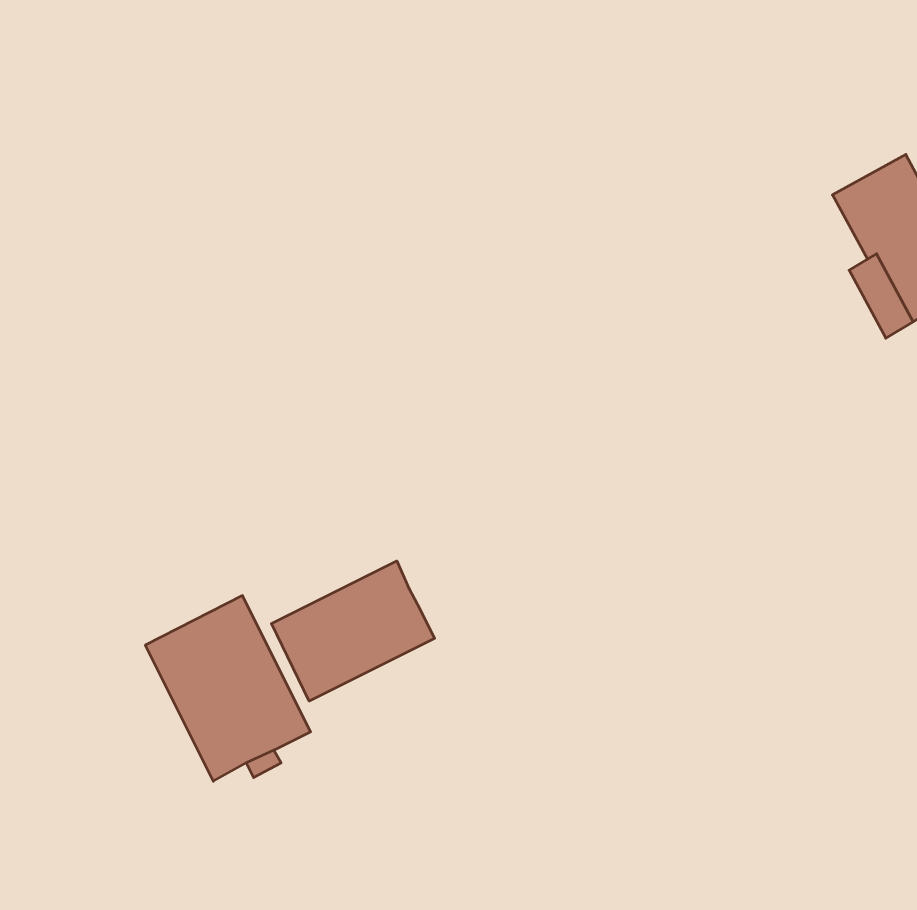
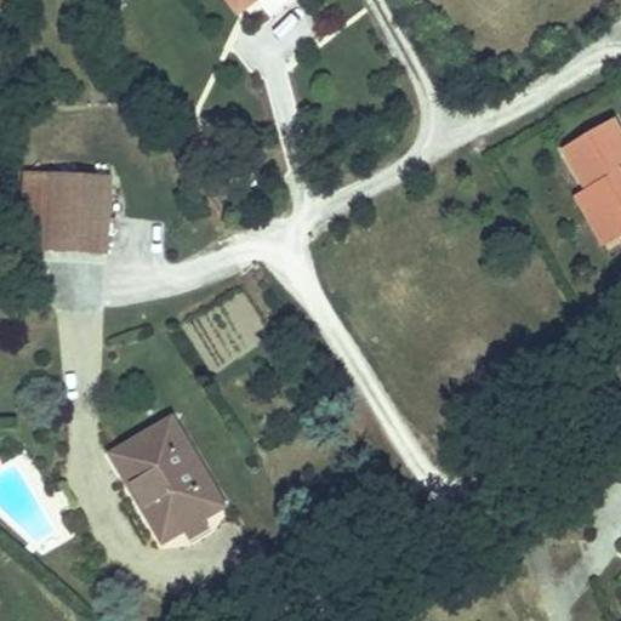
building: none -> [22,167,112,247]
building: [271,561,435,701] -> none

